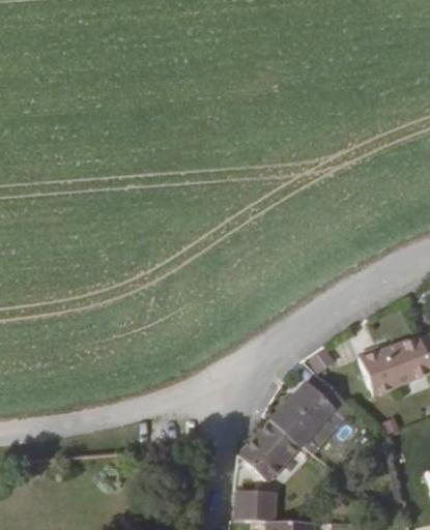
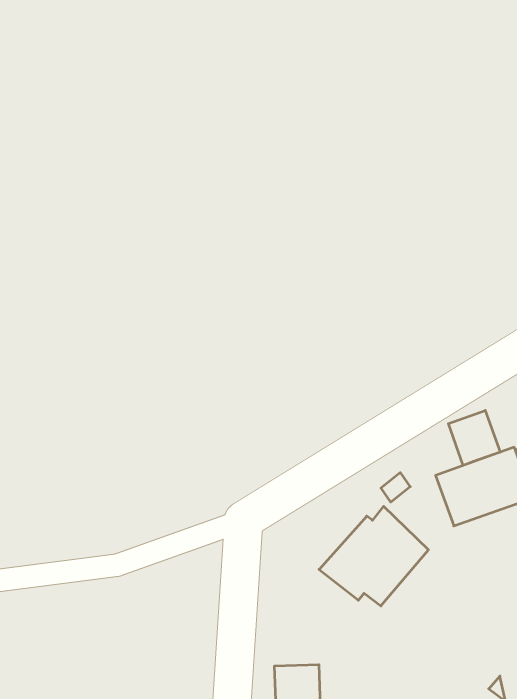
building: none -> [448,410,500,465]
building: [243,422,302,481] -> none

